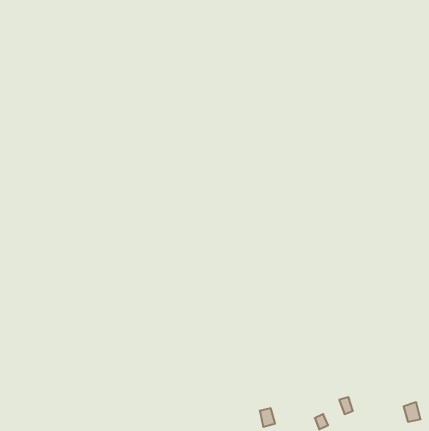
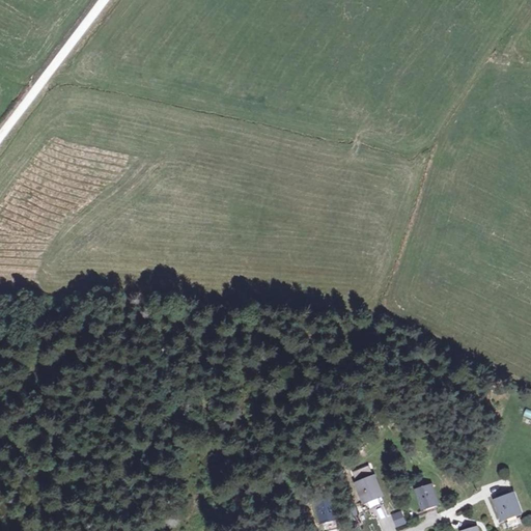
building: none -> [356,475,381,502]

